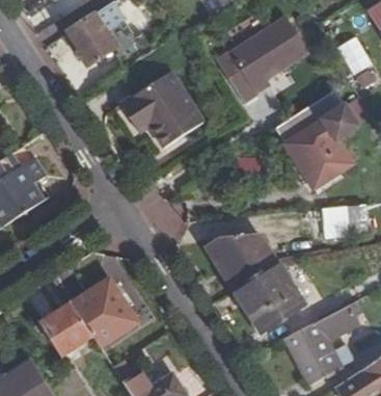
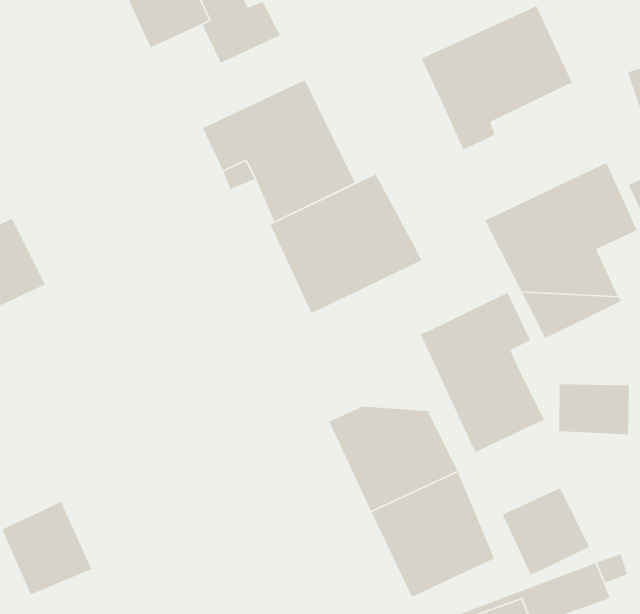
building: none -> [269,174,423,314]
building: none -> [420,292,545,453]
building: none -> [502,487,590,576]
building: [74,281,139,349] -> none

